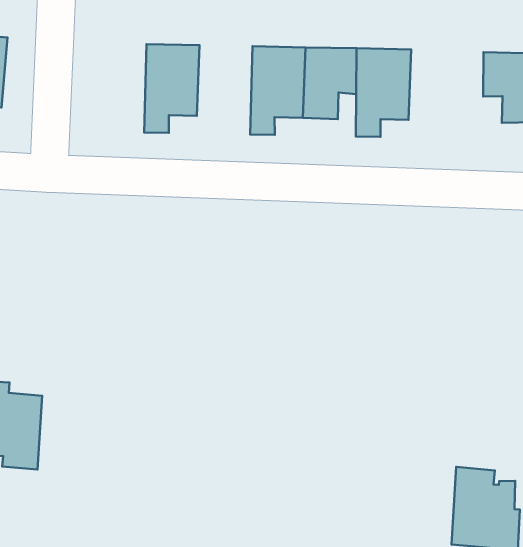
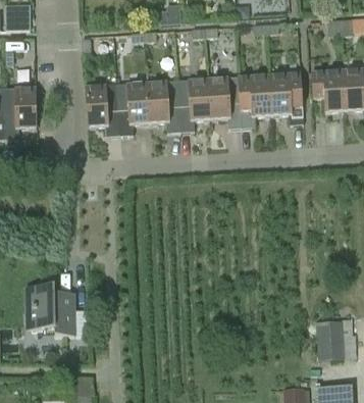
building: none -> [85,84,119,136]
building: none -> [147,80,180,132]
building: none -> [269,71,303,123]

